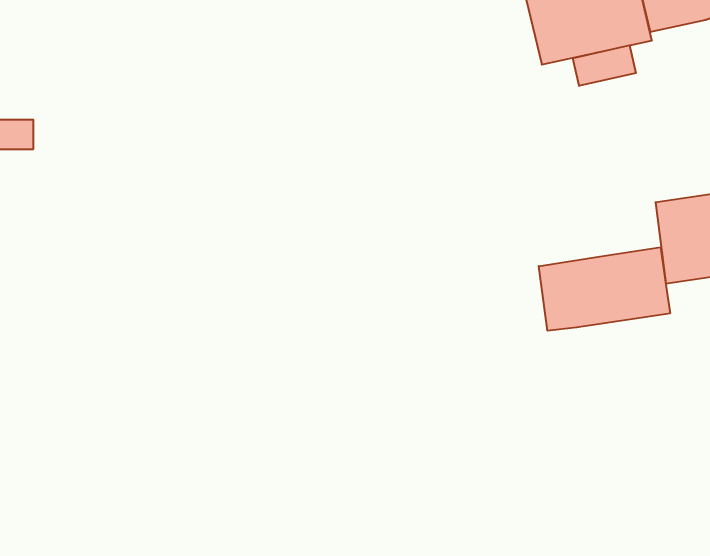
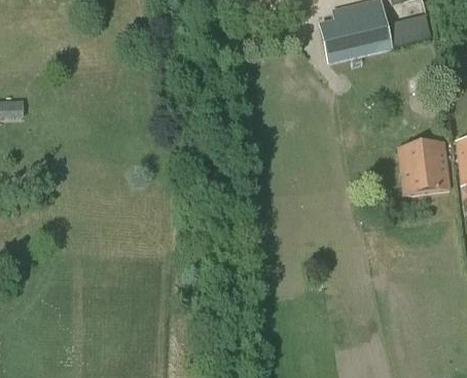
building: [573,45,636,86] -> none
building: [539,247,670,331] -> none

